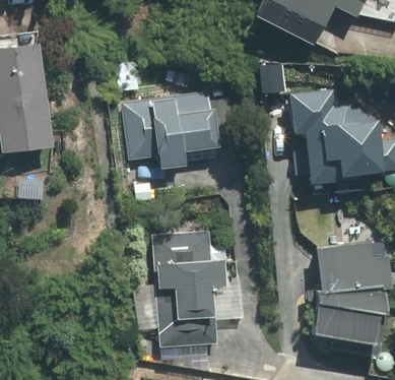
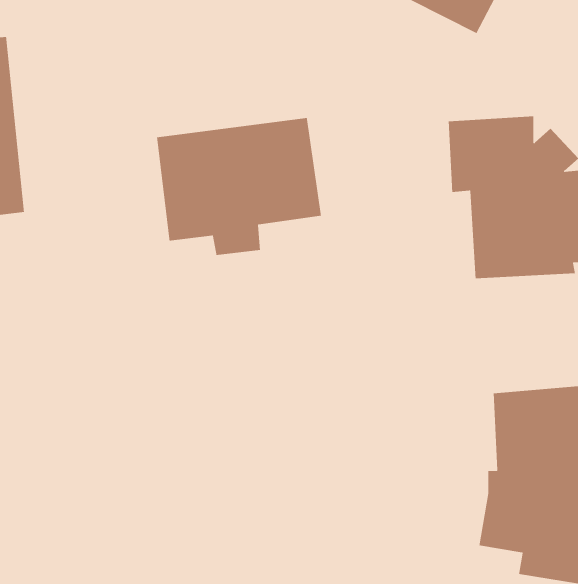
building: [156,233,225,349] -> none

